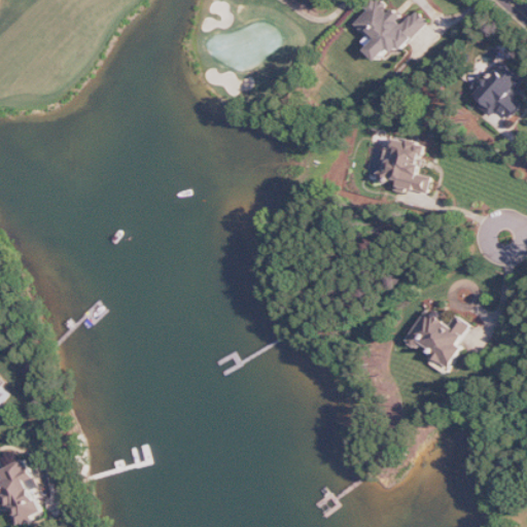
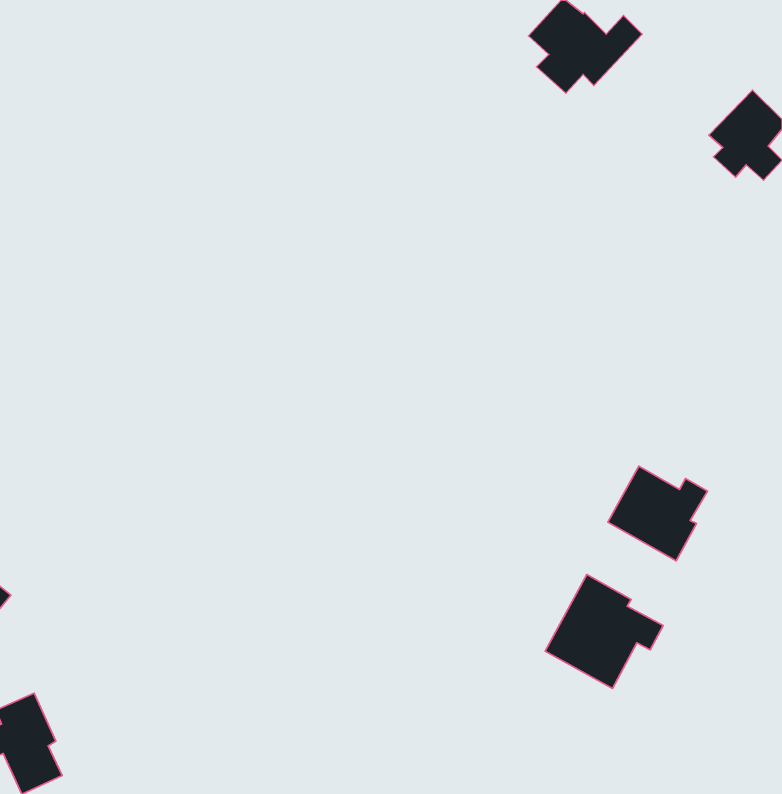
building: [382,139,429,196] -> none
building: none -> [545,574,663,688]

